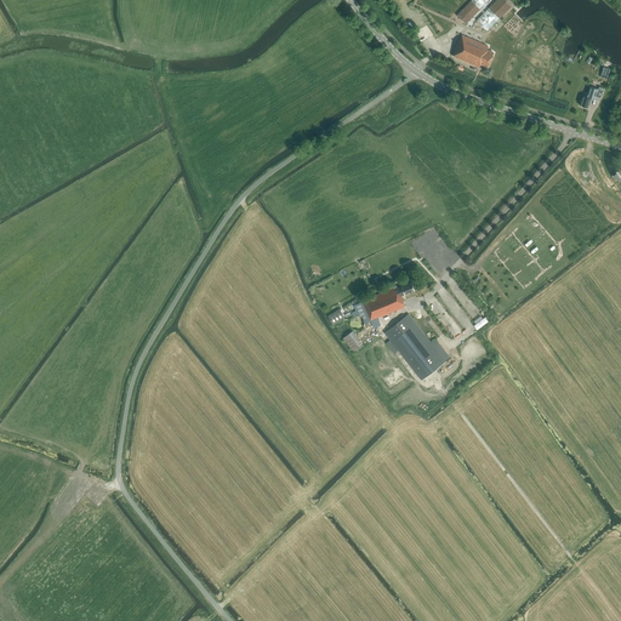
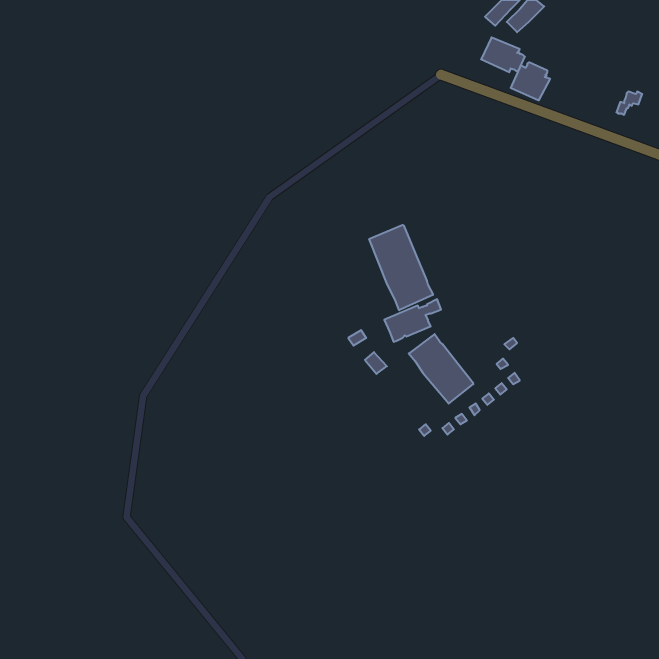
building: none -> [511,62,550,100]
building: none -> [369,225,433,310]

